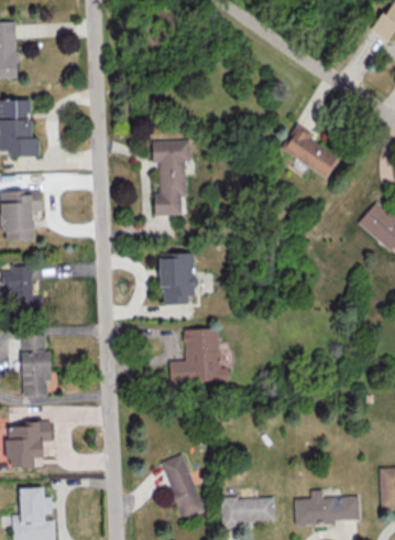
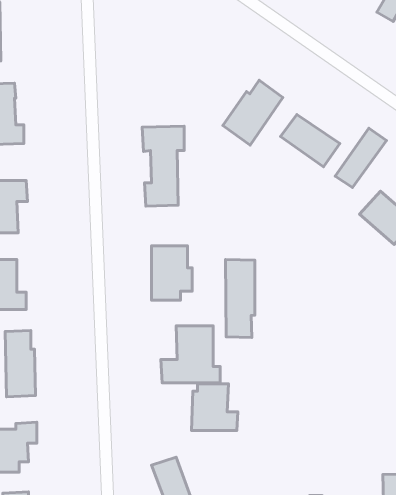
building: none -> [223,80,283,145]
building: none -> [335,128,386,188]
building: none -> [226,260,255,337]
building: none -> [192,384,238,430]

